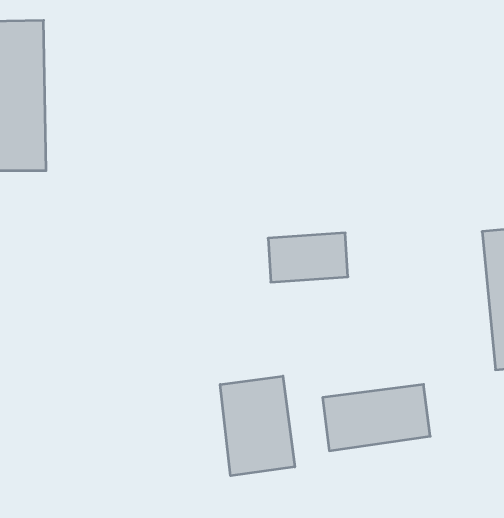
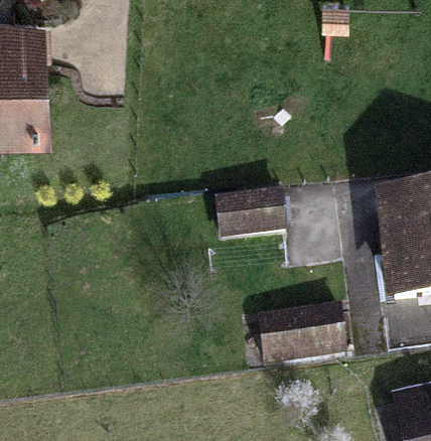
building: [220,376,295,476] -> none

